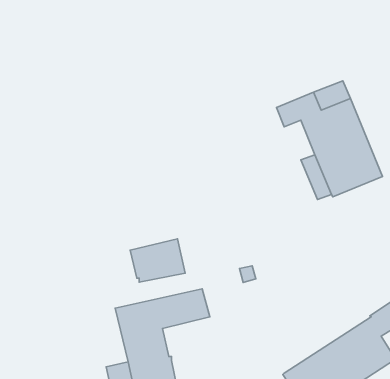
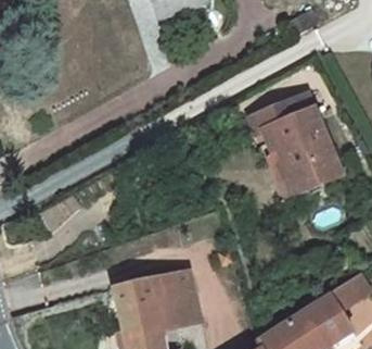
building: [130,239,185,282] -> [154,292,201,329]

